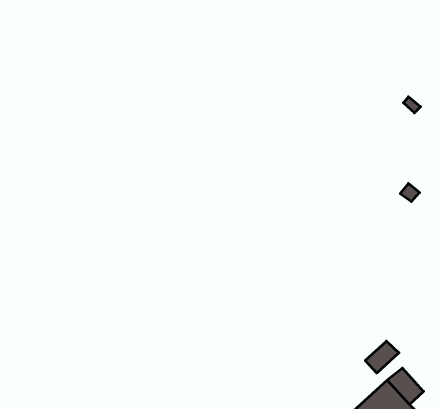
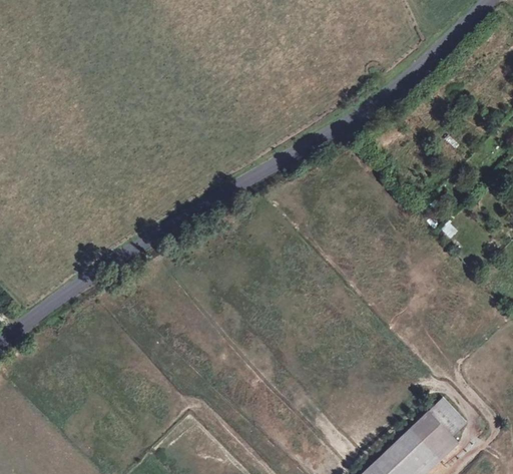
building: [365,341,399,373] -> none

